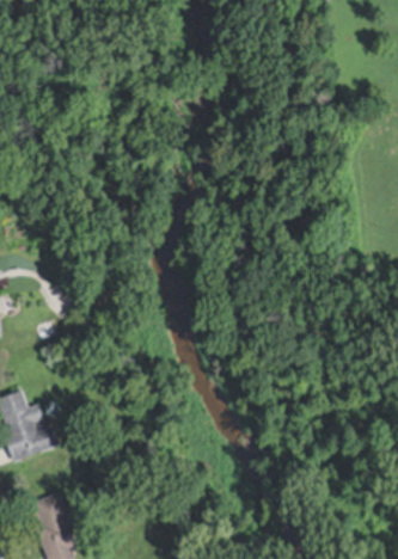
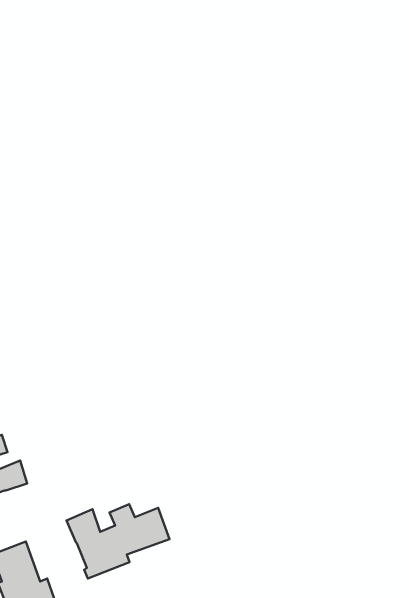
building: none -> [67,504,170,579]

